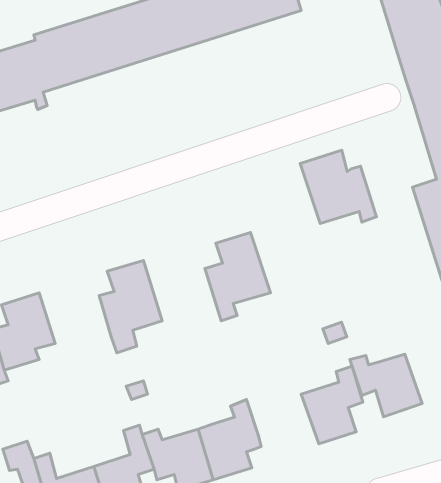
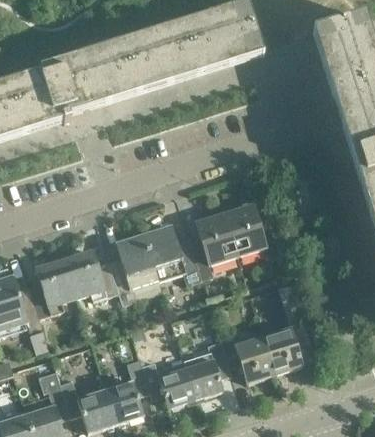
building: [300,150,377,224] -> [223,204,280,259]
building: none -> [143,226,201,284]
building: none -> [65,250,119,300]
building: [350,354,422,417] -> [220,335,274,382]

